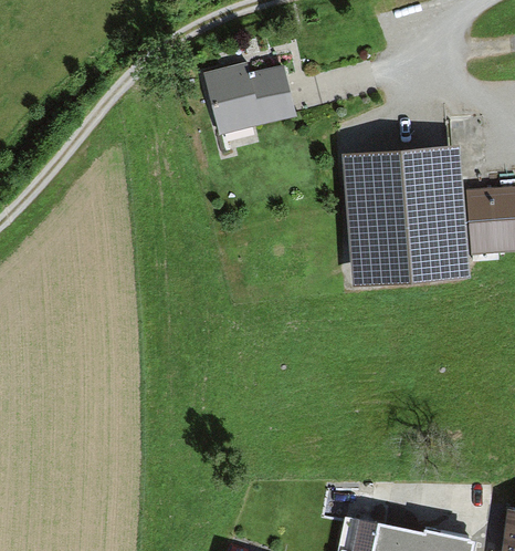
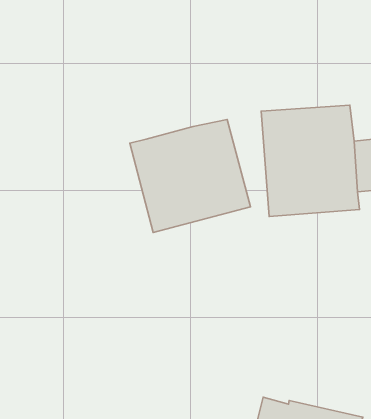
building: [201,61,297,135] -> none
building: none -> [130,119,251,232]

